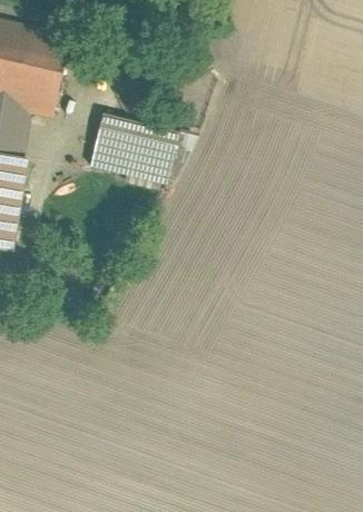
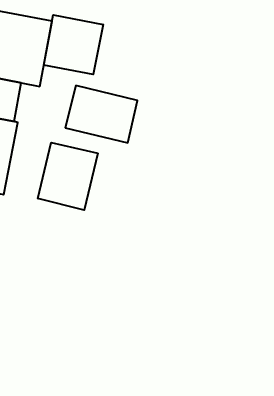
building: none -> [44,15,103,74]
building: none -> [38,143,98,210]

